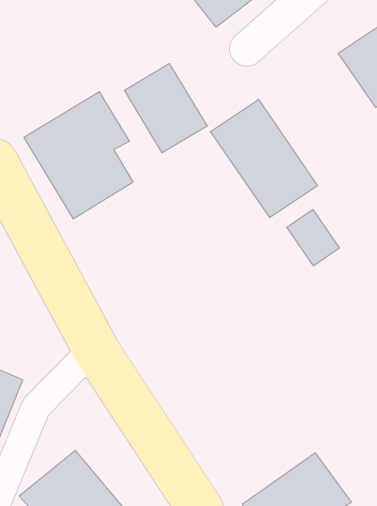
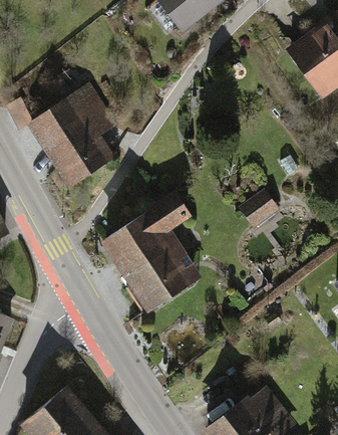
building: [124,64,207,153] -> none
building: [210,99,318,218] -> none
building: none -> [94,194,206,320]

